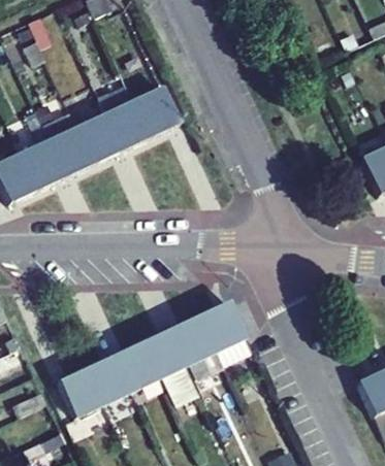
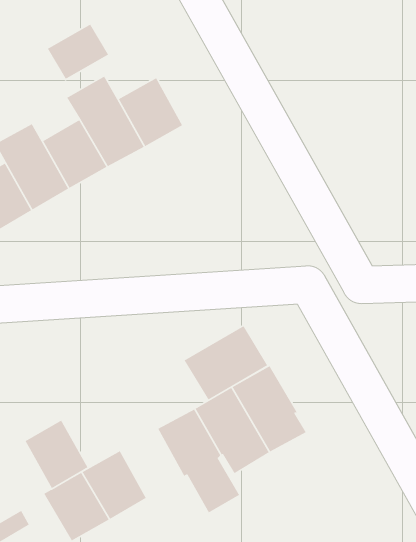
building: none -> [47,24,109,80]
building: none -> [183,325,268,400]
building: [116,339,160,389] -> [25,419,88,489]

